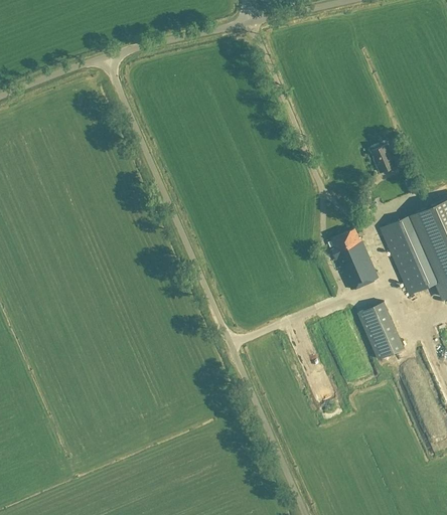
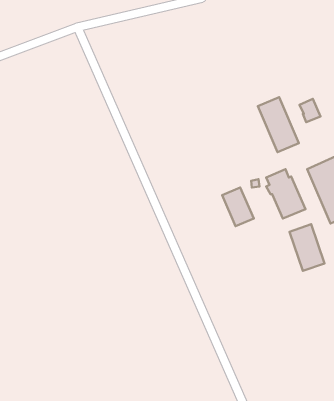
building: none -> [258,97,299,152]
building: none -> [222,187,254,226]

